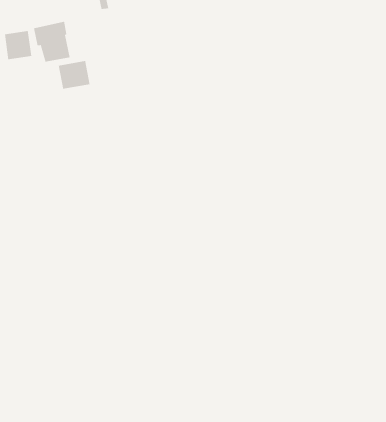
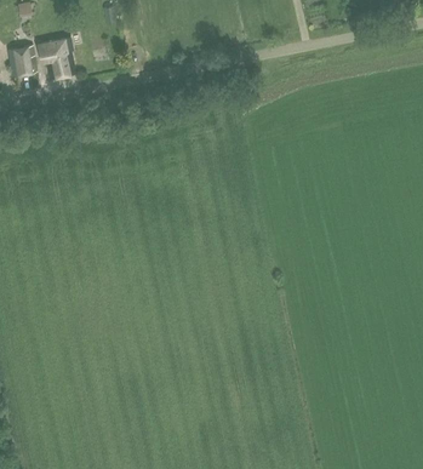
building: [58,60,90,90] -> none

